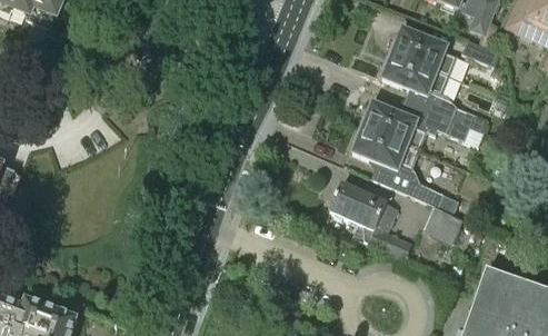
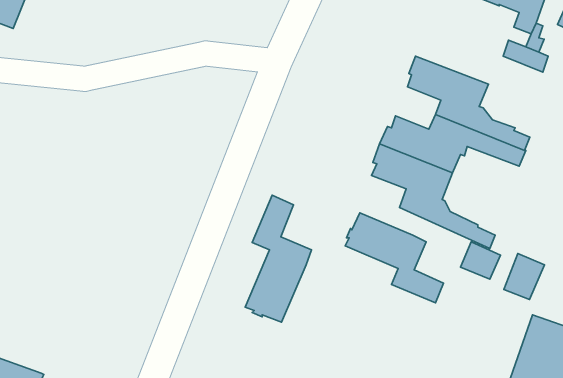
building: [388,27,457,73] -> none
building: none -> [245,195,311,322]
building: none -> [504,254,544,299]

